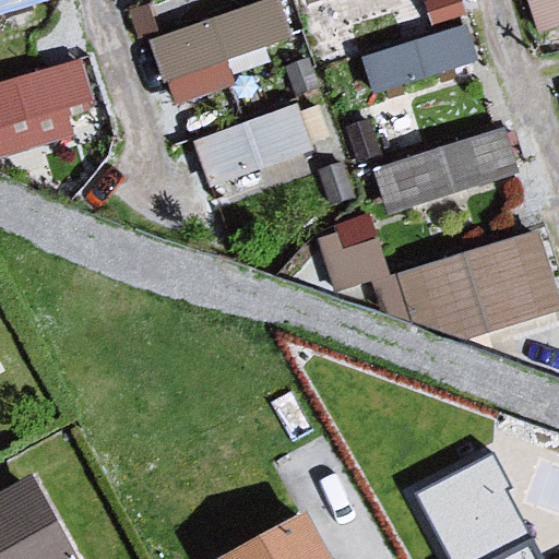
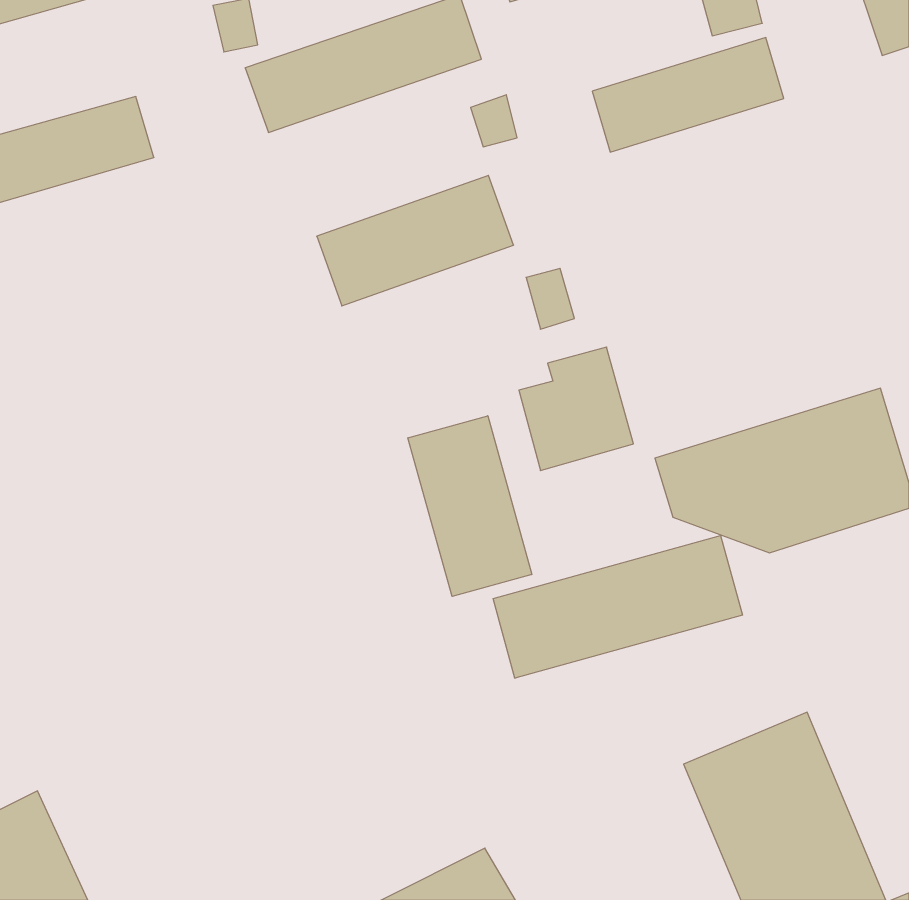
building: [376,129,518,212] -> none
building: none -> [408,416,532,596]
building: none -> [493,535,742,678]

